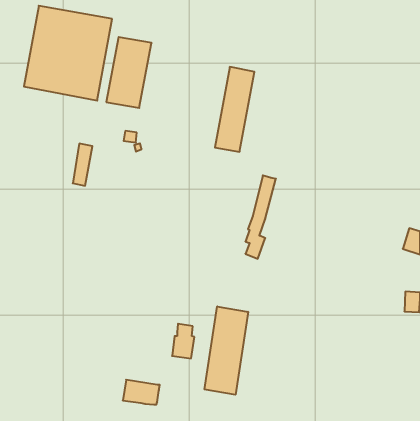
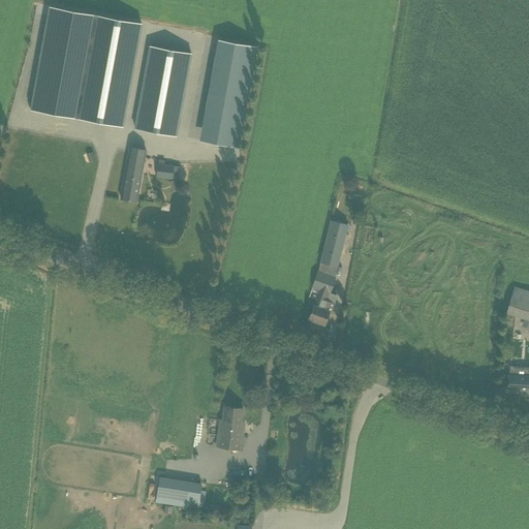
building: [215,67,254,152] -> [207,40,256,147]
building: [73,144,92,186] -> [120,149,145,201]
building: [205,306,248,395] -> none

